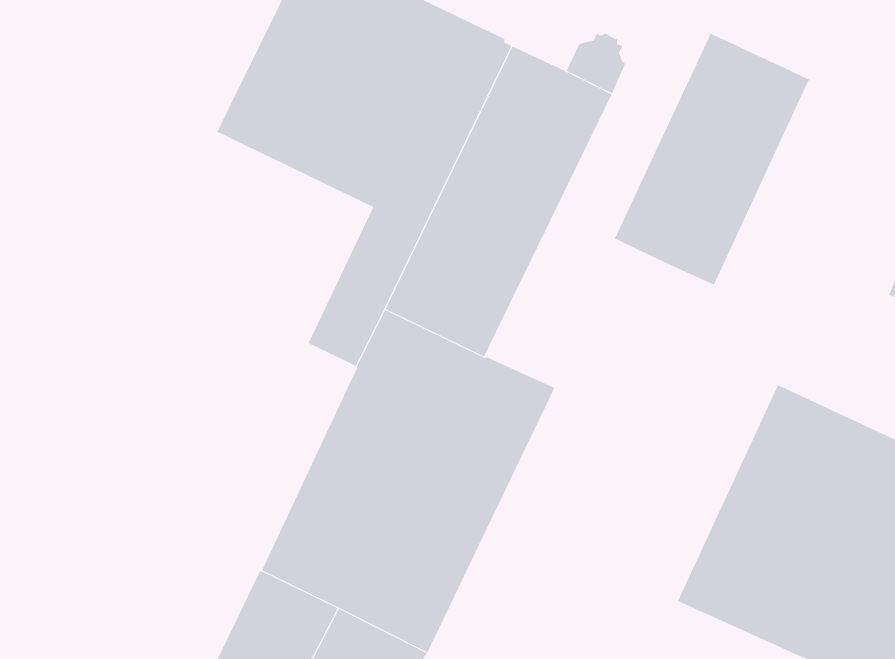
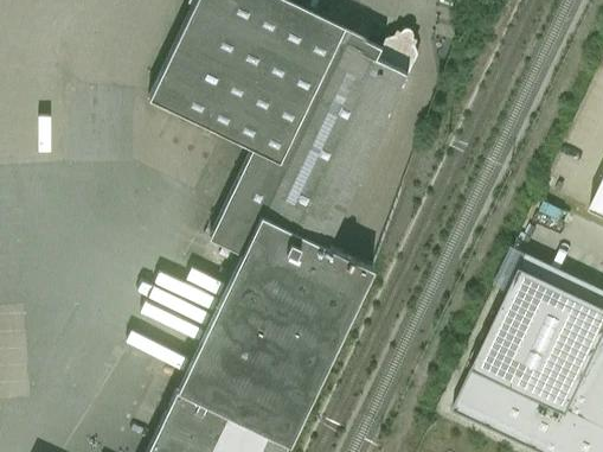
building: [614,33,810,286] -> none

